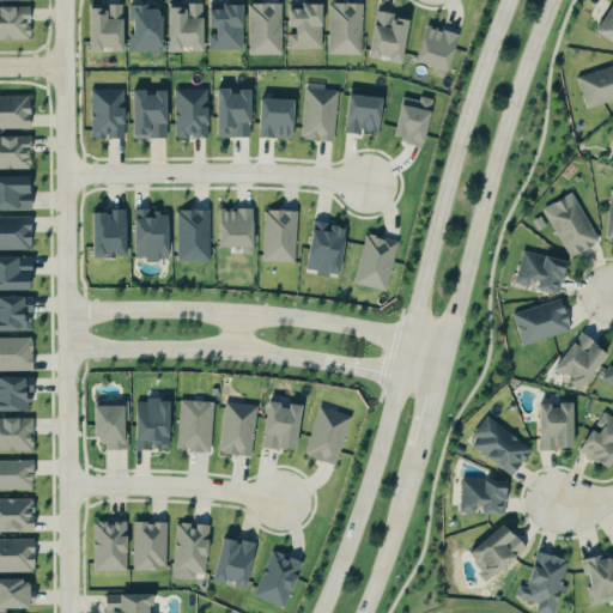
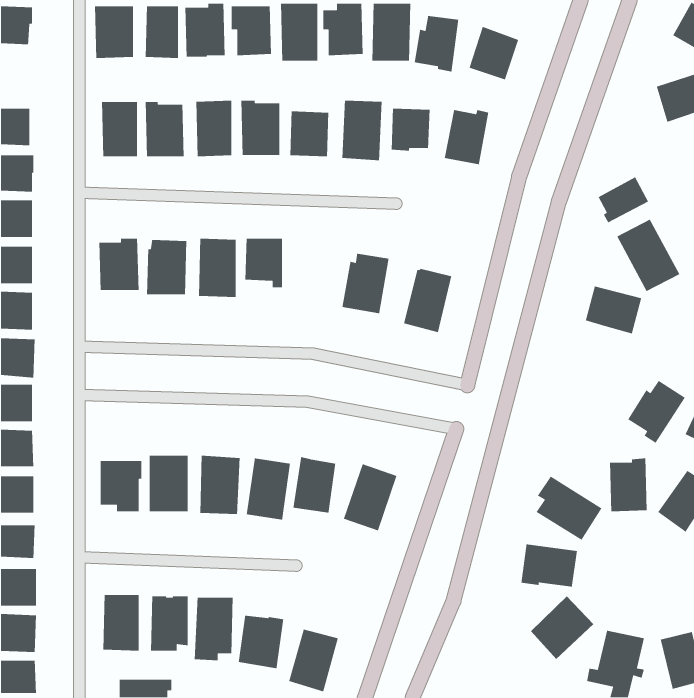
building: none -> [597,176,649,223]
building: [265,210,297,261] -> none
building: [514,298,572,344] -> none

